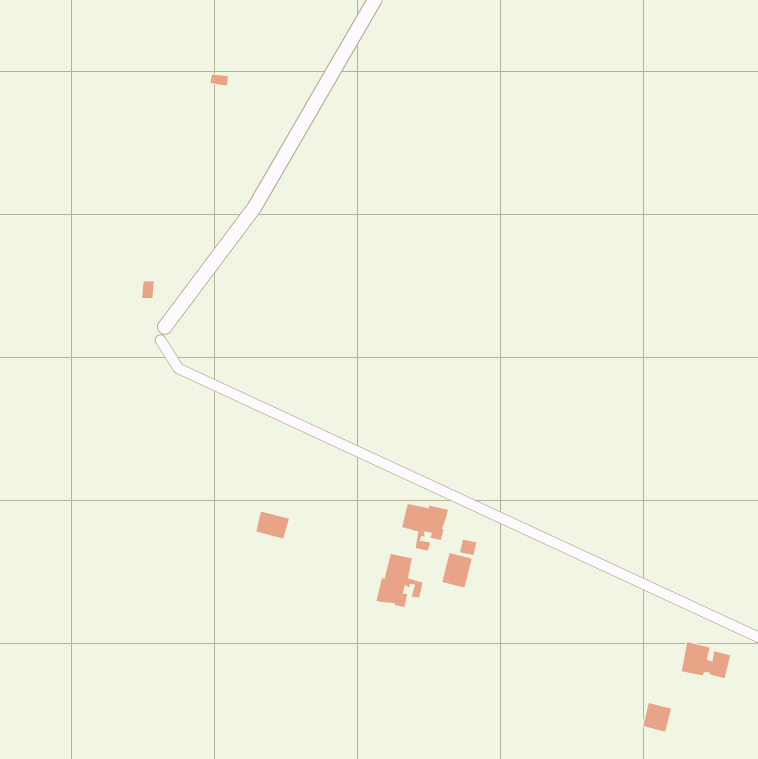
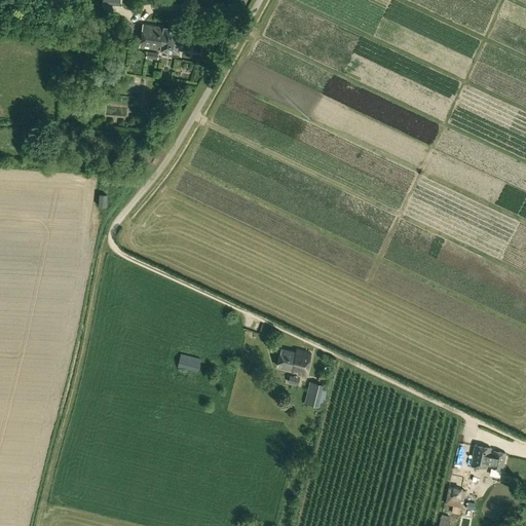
building: none -> [139,25,181,53]
building: [376,553,423,608] -> none

